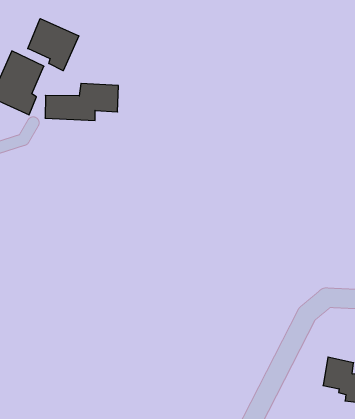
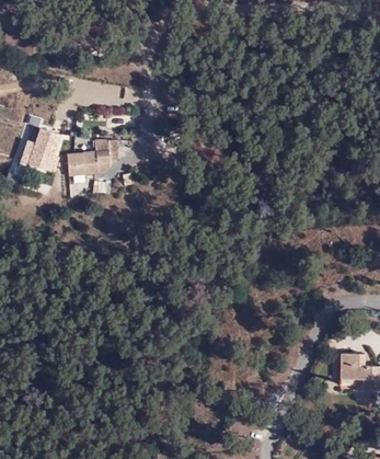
building: [28,19,79,71] -> none

